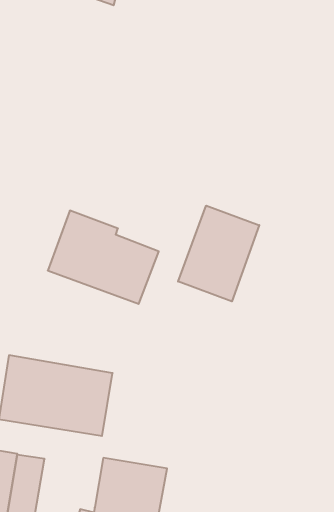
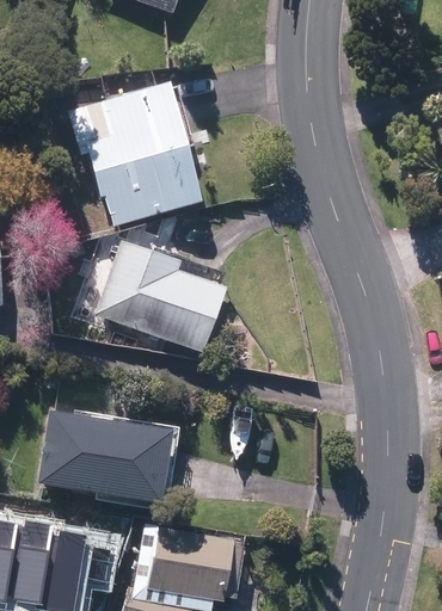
building: none -> [87,86,198,223]
building: [178,206,259,301] -> none

